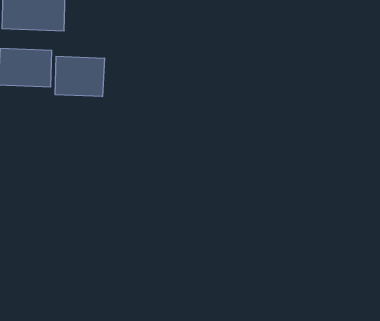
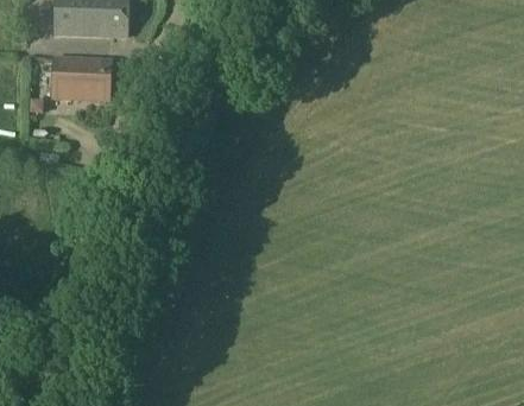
building: [55,56,104,97] -> none

